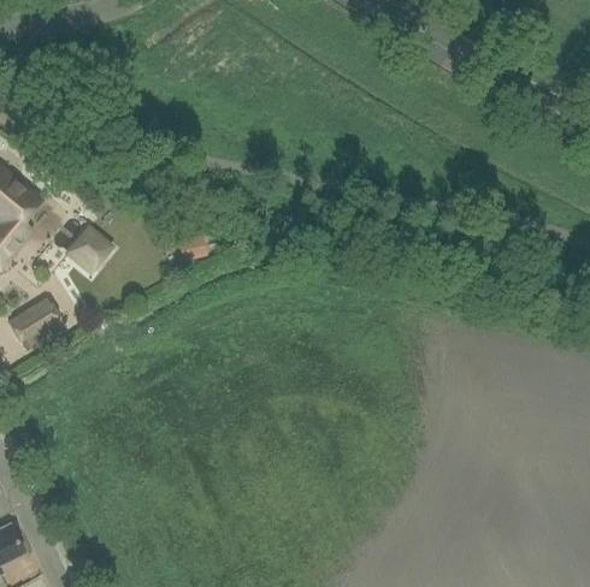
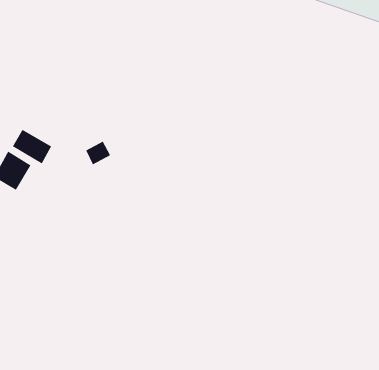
building: none -> [12,129,52,165]

